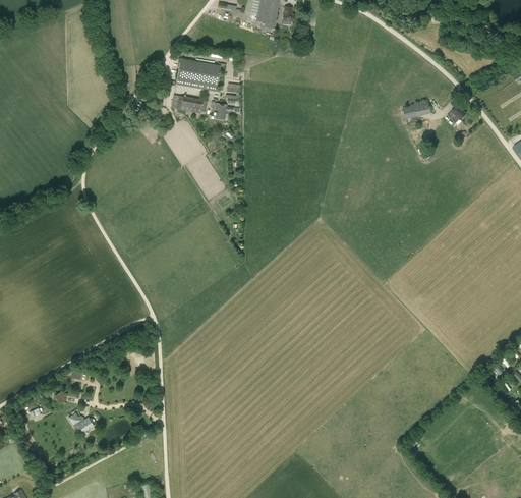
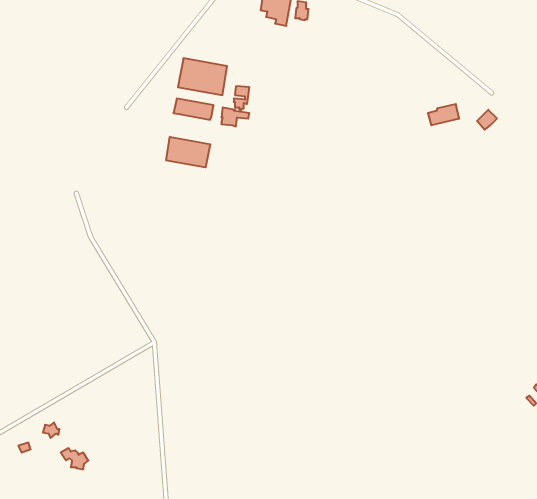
building: none -> [166,137,210,167]

